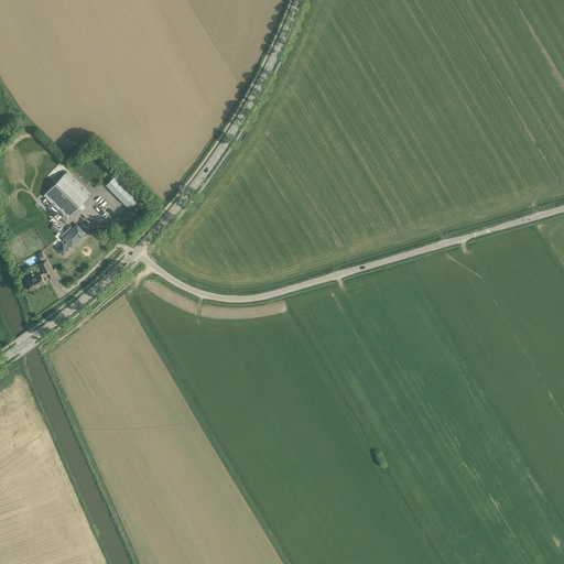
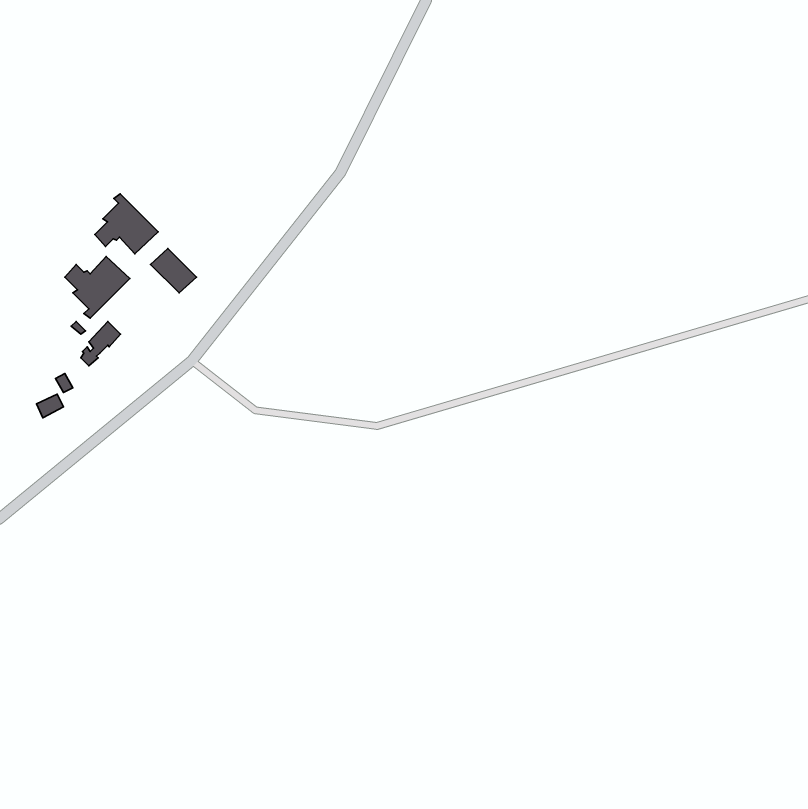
building: none -> [95,194,158,254]

